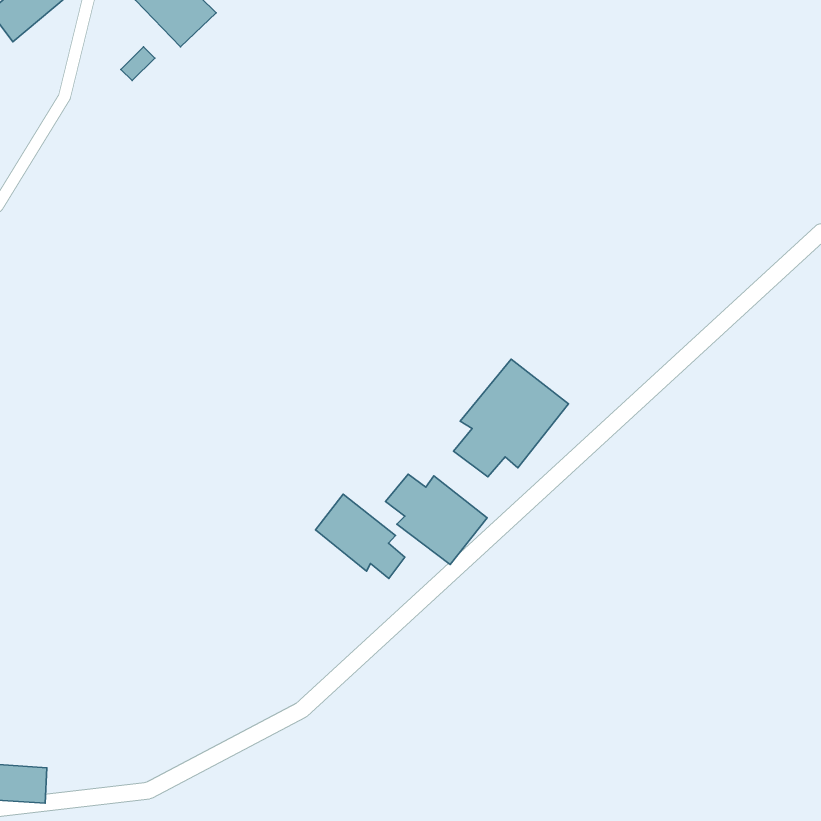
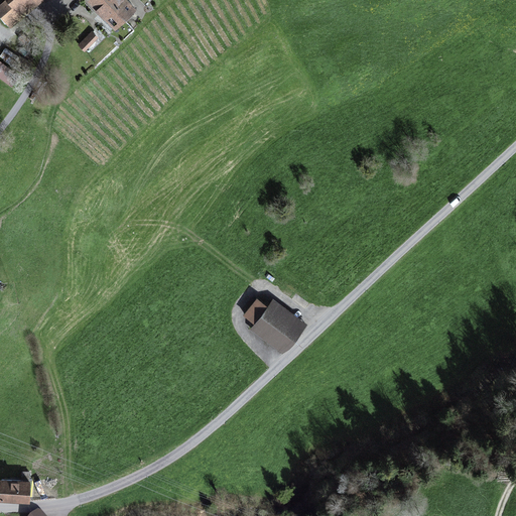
building: [453,359,568,477] -> none
building: [315,494,405,579] -> none

